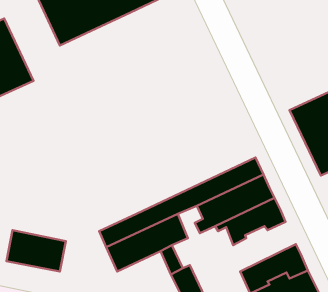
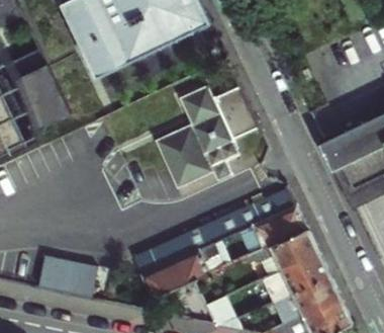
building: none -> [153,85,258,187]
building: none -> [261,252,327,302]

